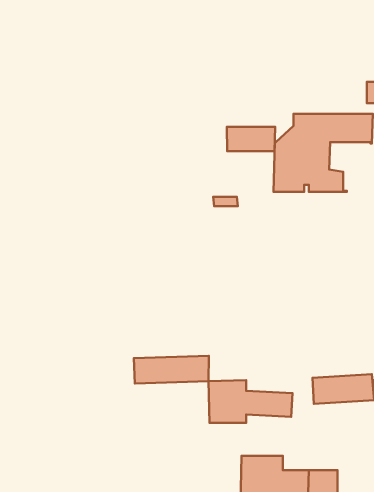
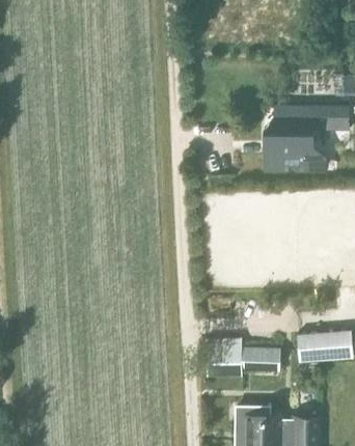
building: [227,127,275,151] -> none
building: [134,356,209,383] -> none

